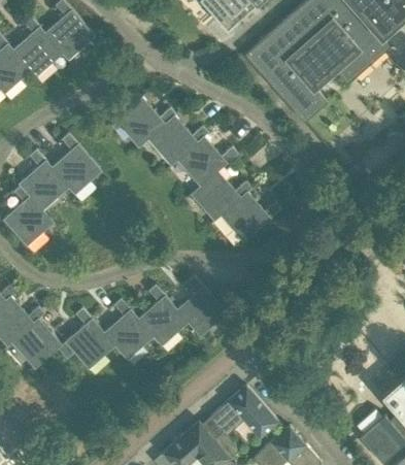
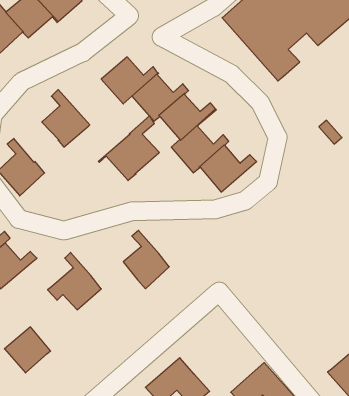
building: [20,148,70,210] -> none
building: none -> [98,116,159,181]
building: [177,274,228,336] -> none
building: [104,298,155,360] -> none
building: [12,319,62,368] -> [4,327,51,373]
building: [210,385,279,457] -> none

